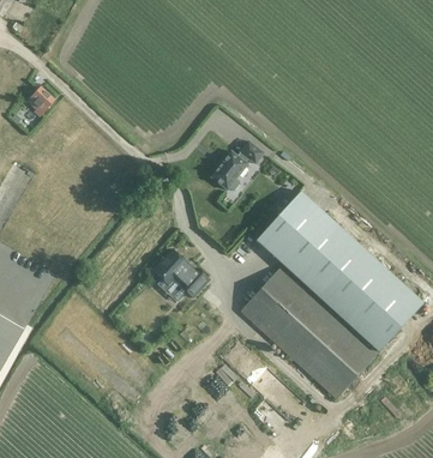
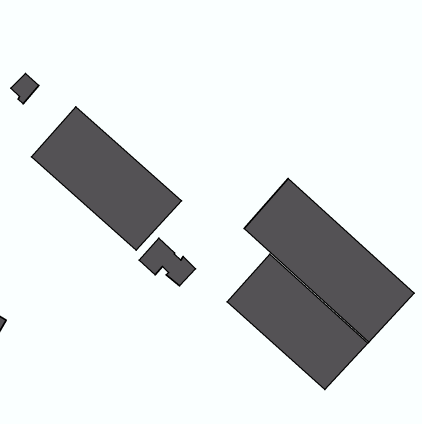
building: none -> [32,107,182,250]
building: [211,140,264,191] -> none

